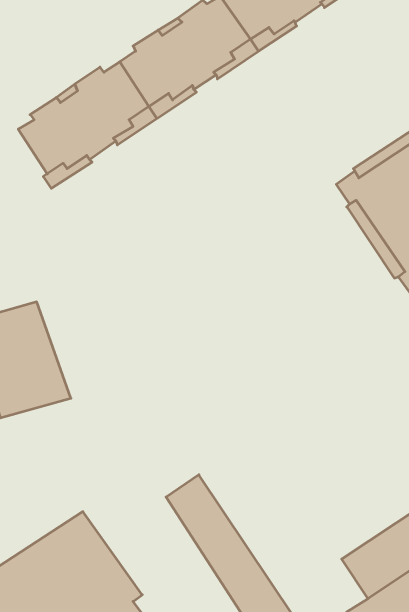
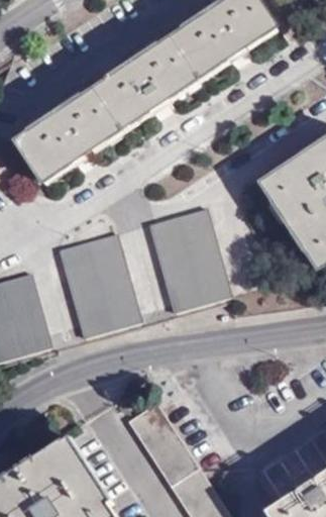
building: none -> [147,209,229,314]
building: none -> [59,234,140,339]

